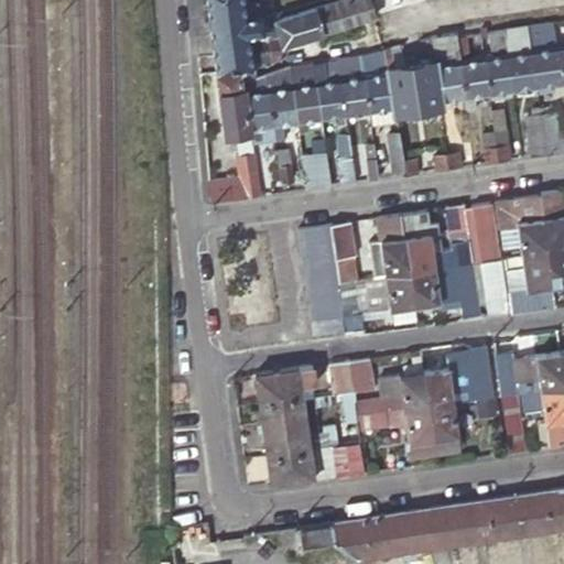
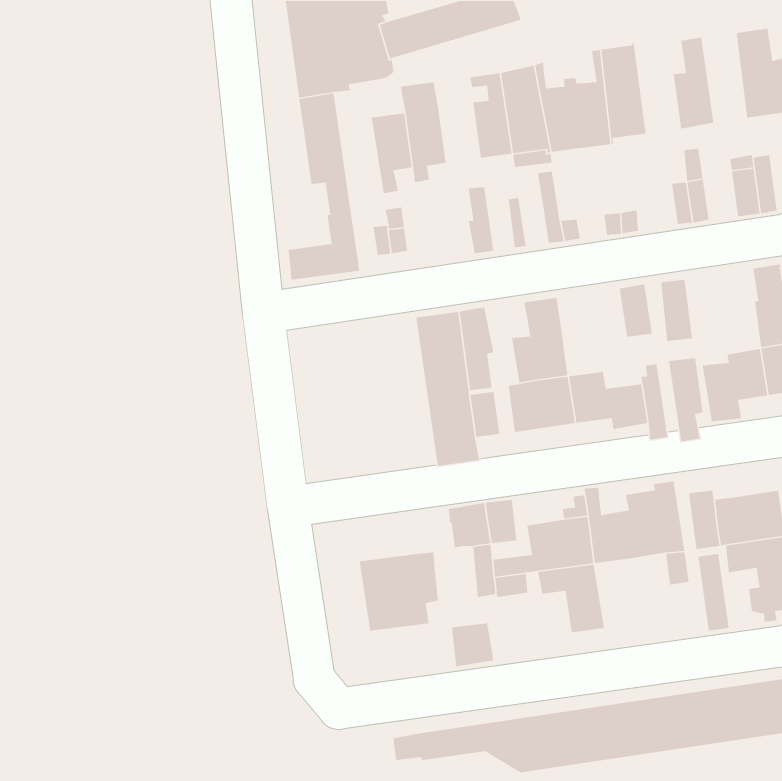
building: [506,28,538,93] -> none
building: [457,34,490,113] -> none
building: [314,62,348,127] -> none
building: [242,69,278,147] -> none
building: [304,143,333,192] -> none
building: [518,198,547,258] -> none
building: [402,215,435,273] -> none
building: [256,369,314,405] -> none
building: [429,404,460,454] -> none
building: [268,451,314,486] -> none

